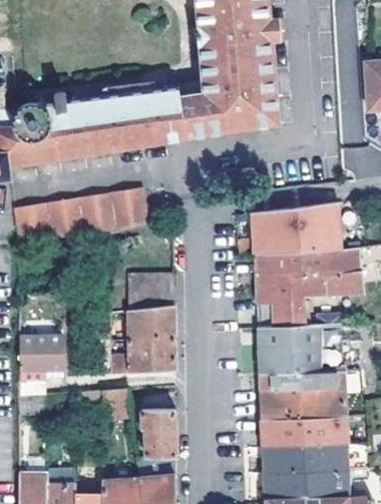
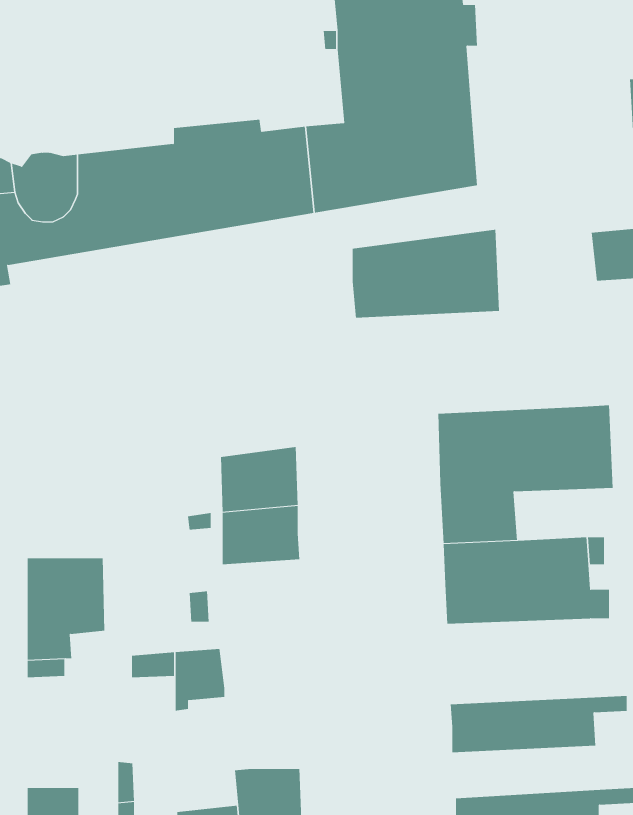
building: [14,188,148,239] -> none
building: [253,201,338,253] -> [352,229,500,318]
building: [126,337,176,373] -> none
building: [260,371,345,420] -> none
building: [142,409,175,457] -> none
building: [263,444,348,474] -> none

